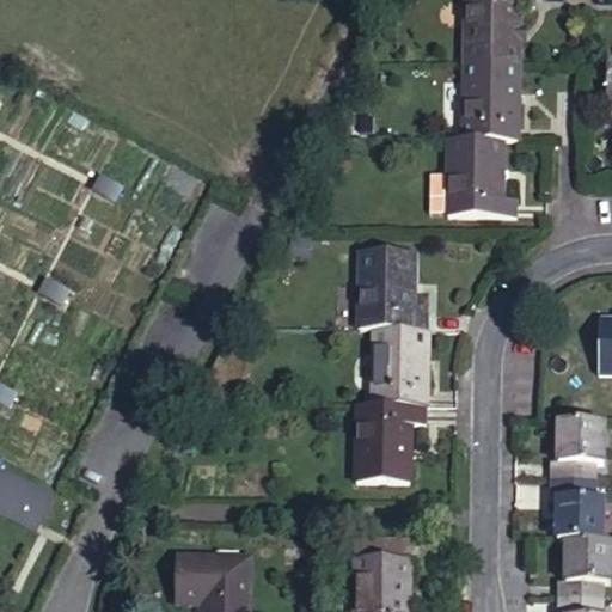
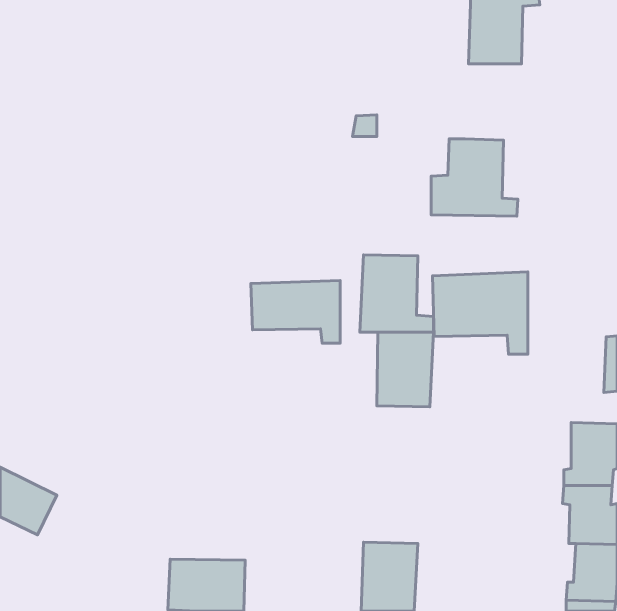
building: [460,63,516,139] -> none
building: none -> [433,272,528,354]
building: none -> [251,281,340,343]
building: [355,402,426,482] -> none

